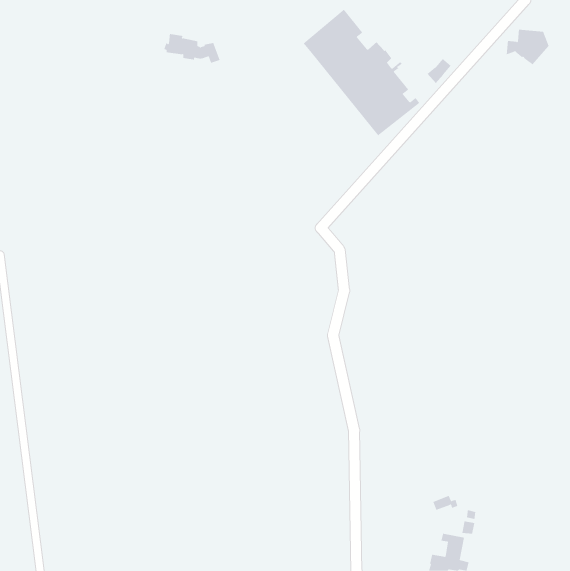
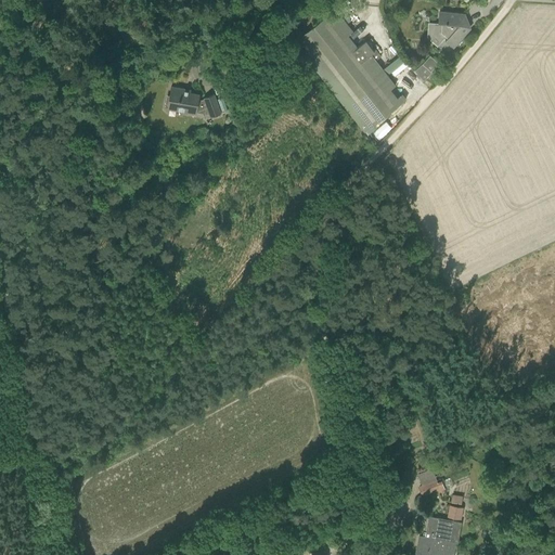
building: [506,29,550,65] -> [428,12,470,47]
building: [164,33,221,64] -> [166,88,221,117]

